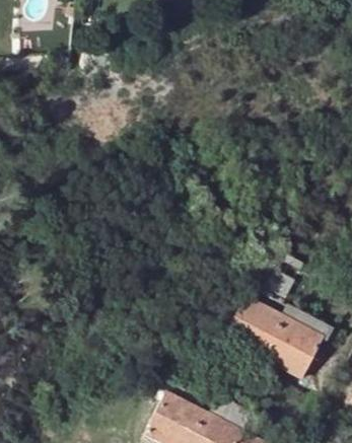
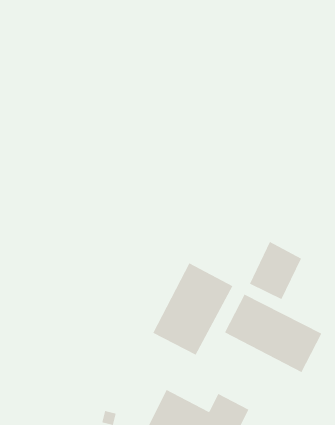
building: none -> [152,263,233,356]

